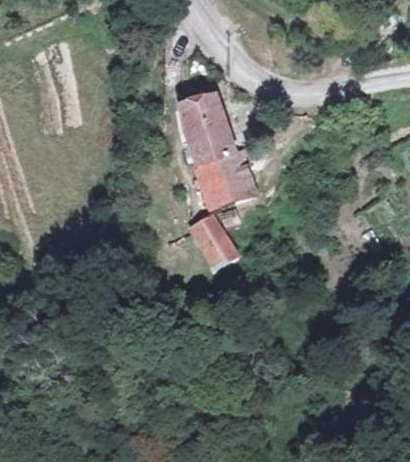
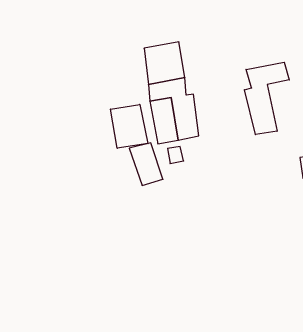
building: none -> [244,62,289,135]
building: none -> [111,104,148,148]

